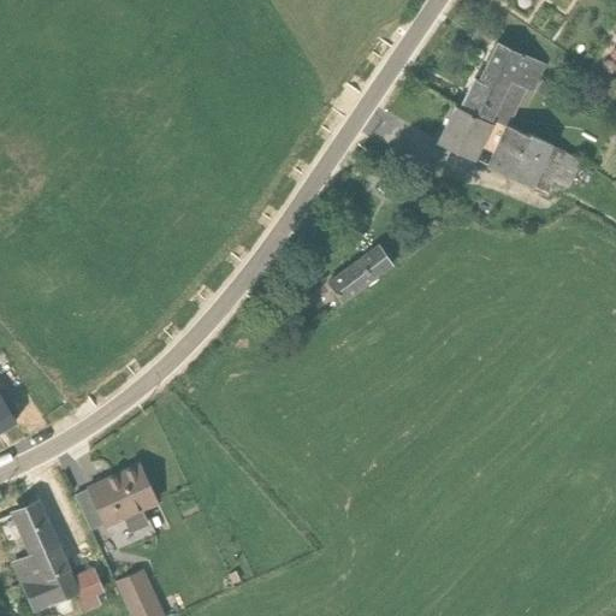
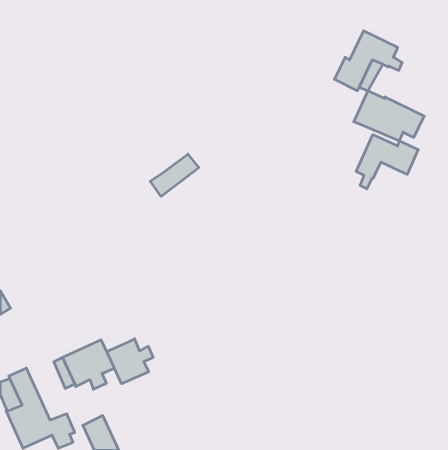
building: [439,106,493,160] -> none
building: none -> [356,135,418,189]
building: [328,247,395,304] -> [150,154,199,196]
building: none -> [107,339,153,384]

